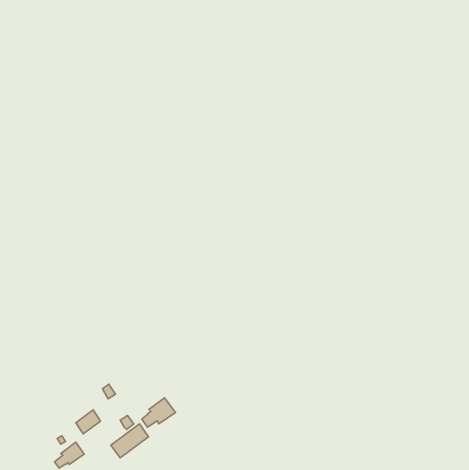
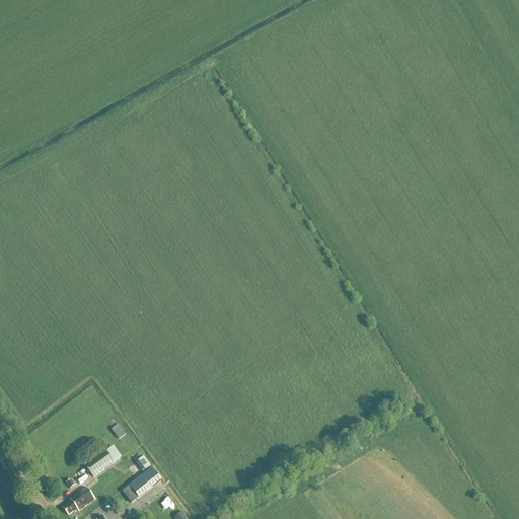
building: [142,398,175,427] -> none

